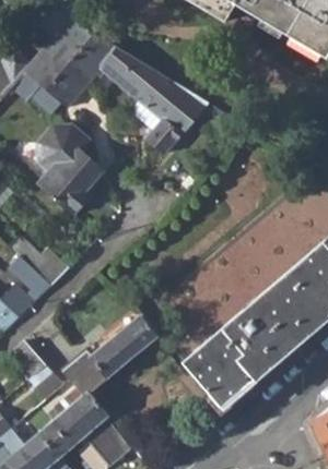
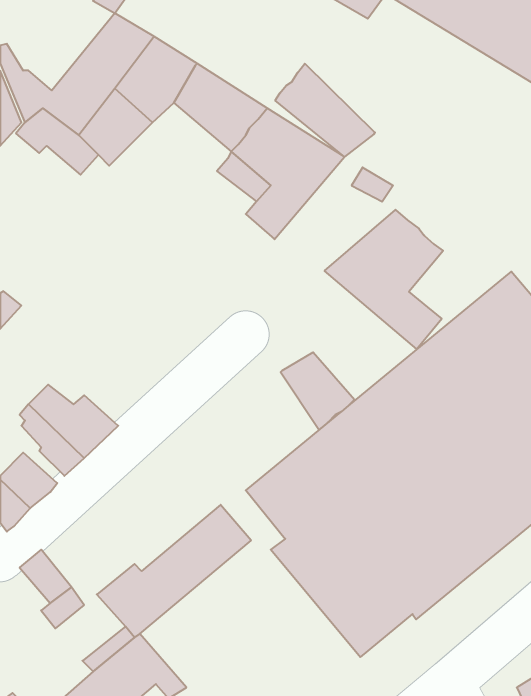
building: none -> [275,64,375,157]
building: [40,125,105,215] -> none
building: none -> [325,210,443,349]
building: none -> [281,352,354,430]

